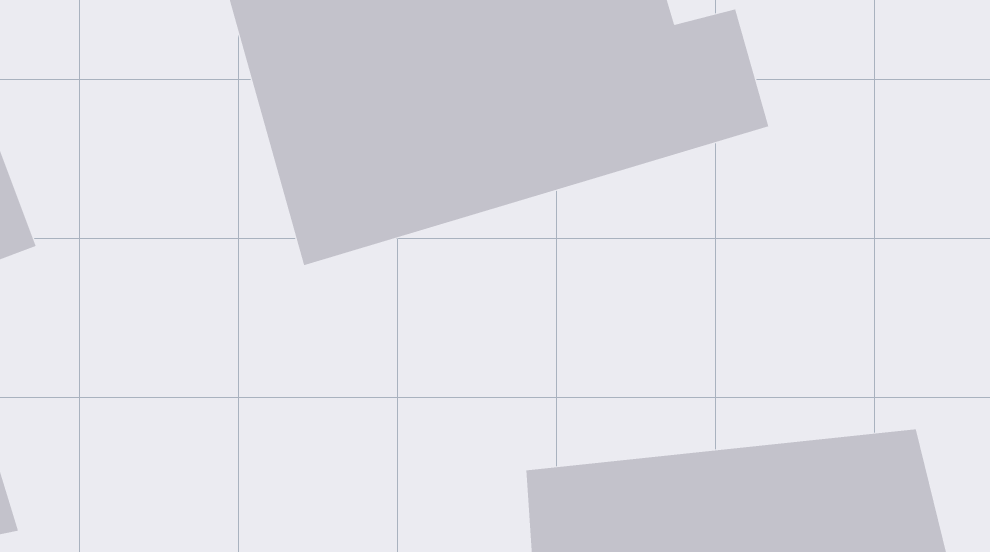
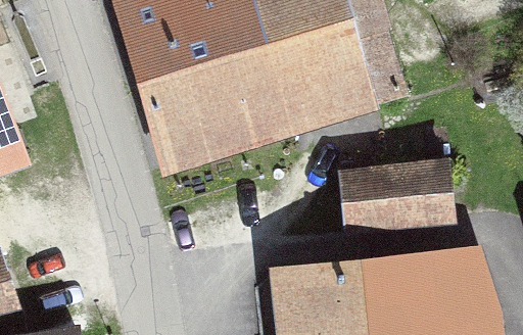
building: none -> [341,163,451,228]

